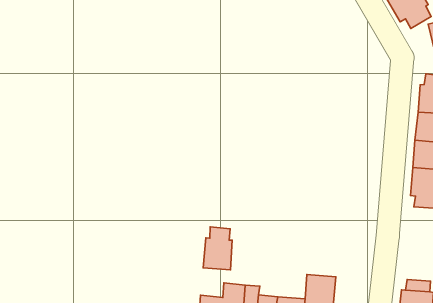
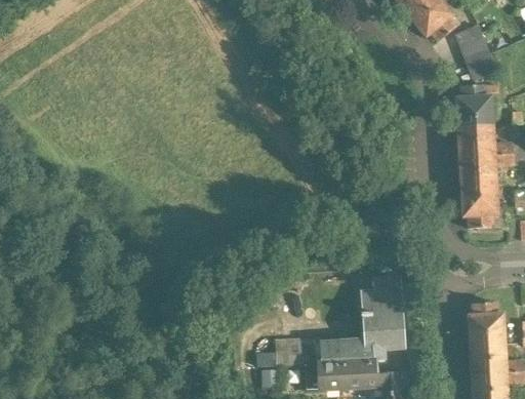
building: [203,227,232,270] -> none
building: none -> [359,285,399,315]

